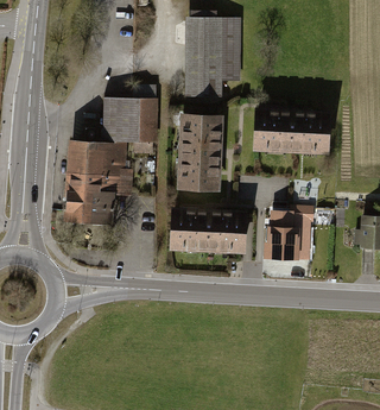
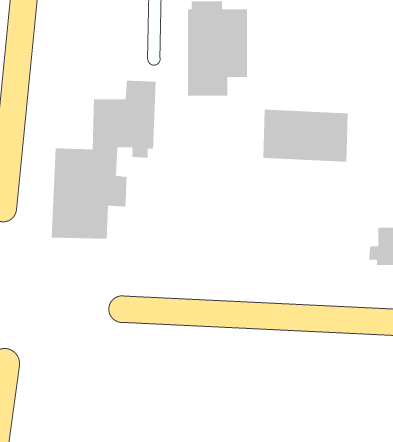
building: [179,115,226,193] -> none
building: [266,203,315,261] -> none
building: [170,207,252,256] -> none

